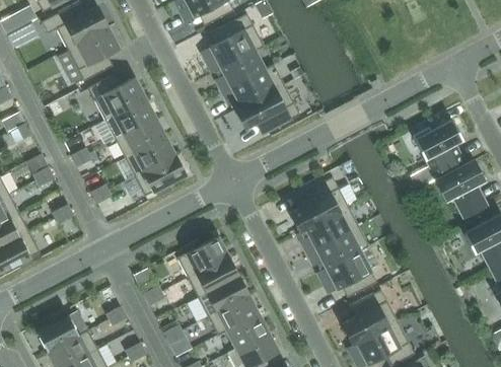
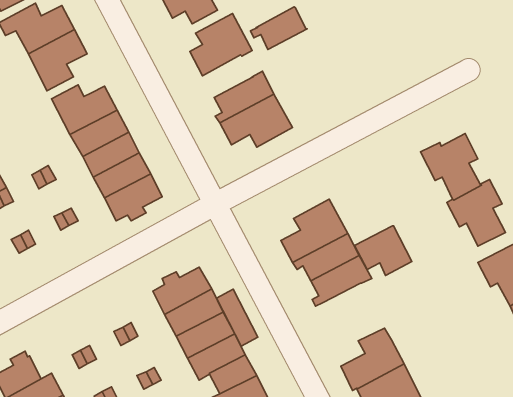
building: [215,51,265,88] -> [251,7,307,49]
building: [326,251,376,295] -> [354,226,412,275]
building: none -> [216,289,258,346]

